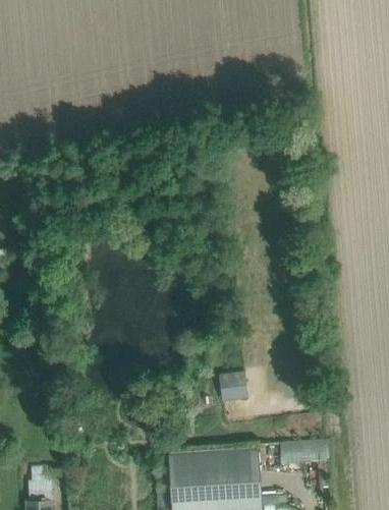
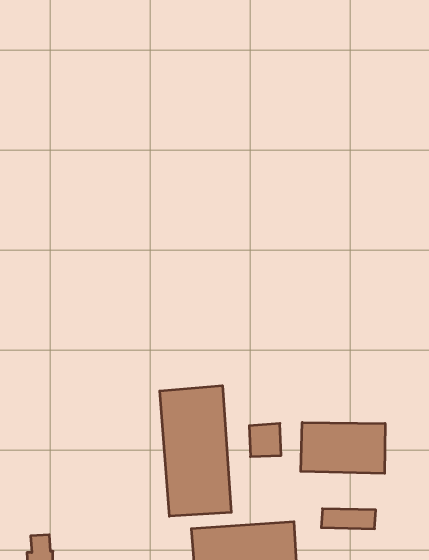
building: none -> [160,386,231,516]
building: none -> [301,422,385,473]

